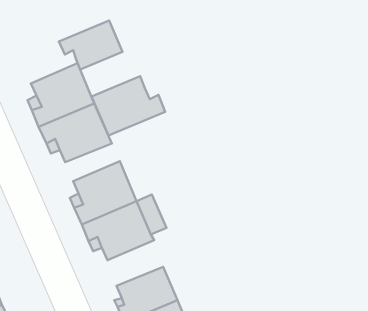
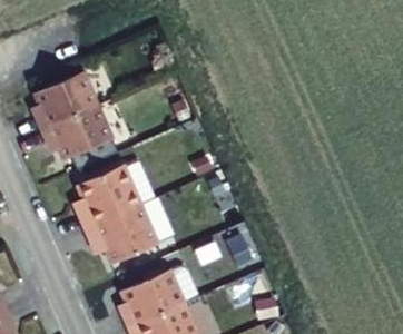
building: [59,20,123,69] -> none
building: [92,76,165,135] -> none

